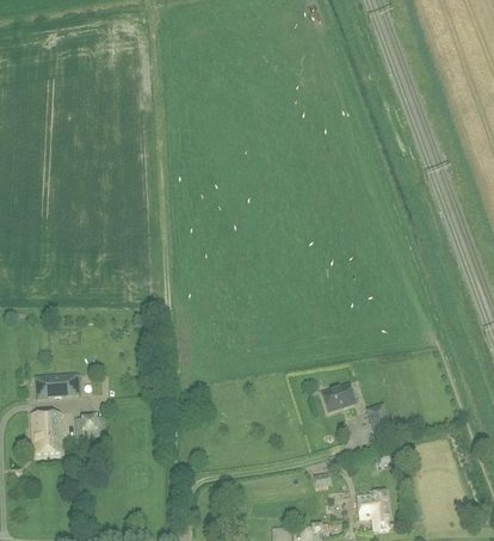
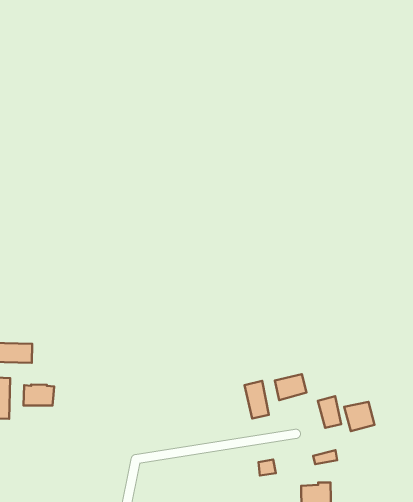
building: none -> [245,381,269,418]
building: none -> [344,402,374,431]

